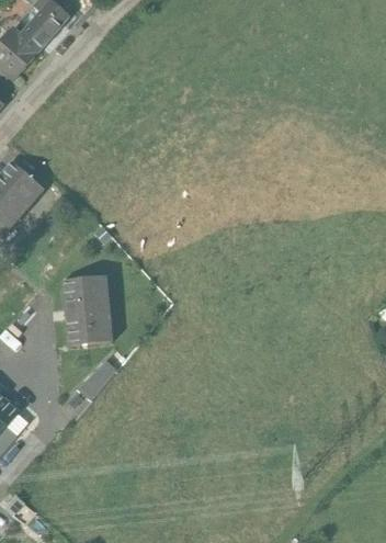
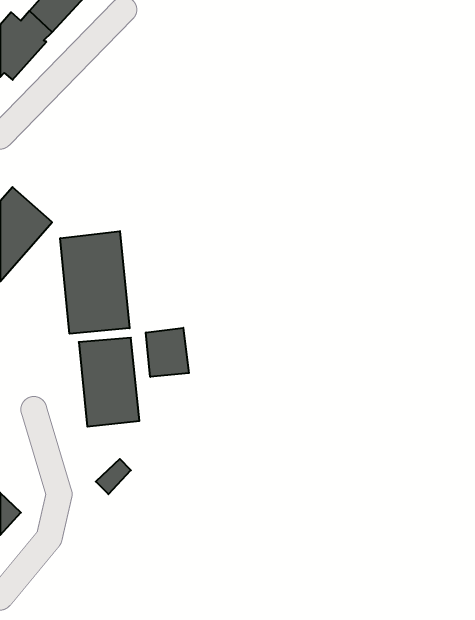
building: none -> [60,231,130,334]
building: none -> [146,328,189,377]

